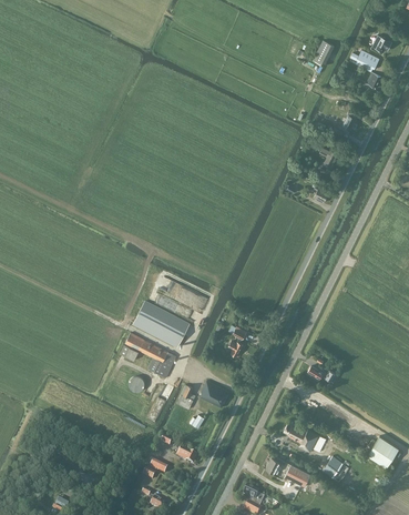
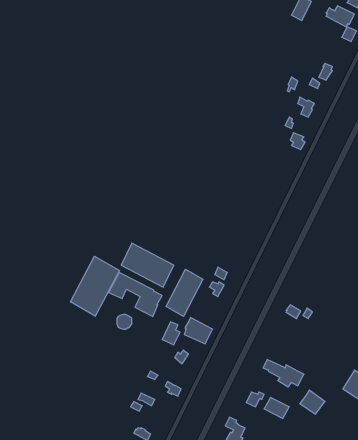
building: none -> [70,256,120,316]
building: none -> [166,269,203,316]

